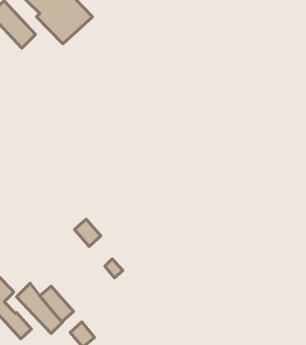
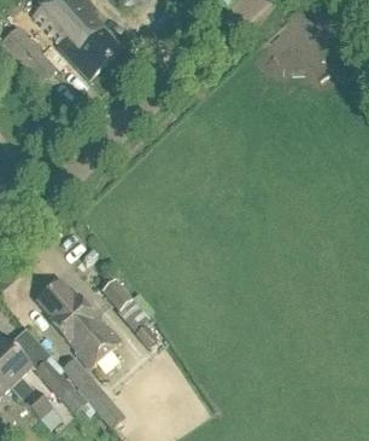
building: none -> [37,280,118,367]

